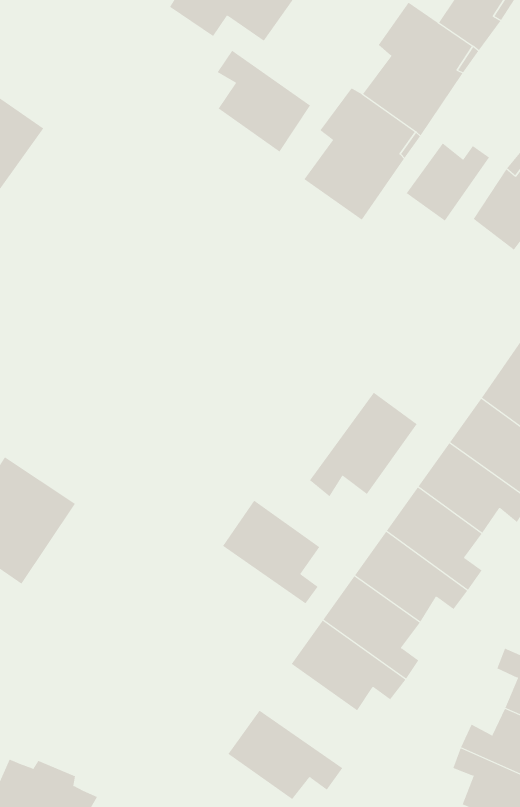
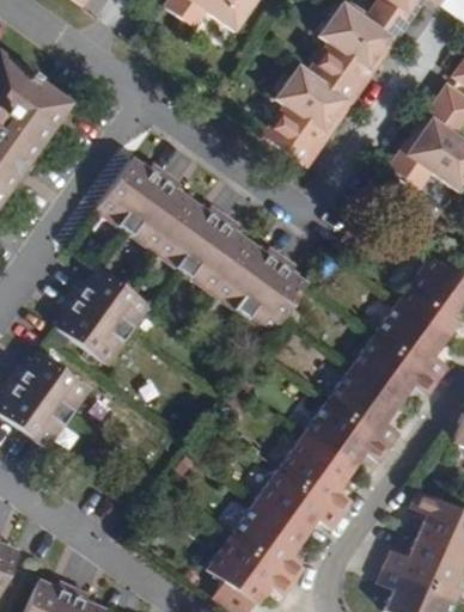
building: [217,50,311,153] -> none
building: [406,142,490,221] -> none
building: none -> [93,153,305,336]
building: none -> [55,261,149,357]
building: [309,392,418,497] -> none
building: [222,500,320,604] -> [230,502,304,581]

